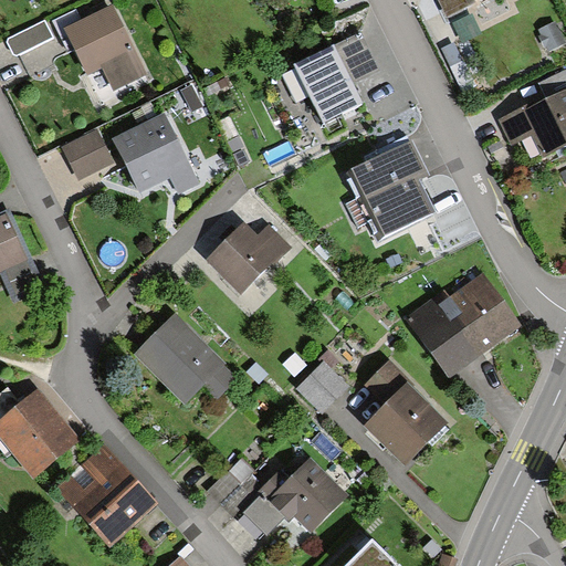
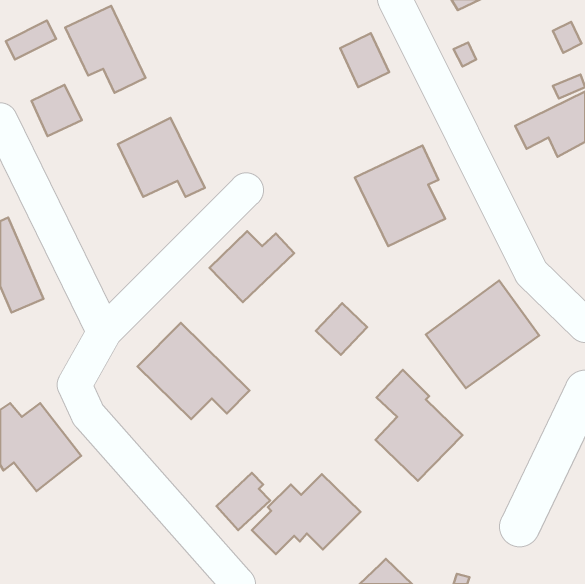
building: [279,46,356,124] -> none
building: [60,129,108,179] -> [31,85,82,136]
building: [298,361,348,411] -> [316,303,367,355]
building: [59,448,155,544] -> none

